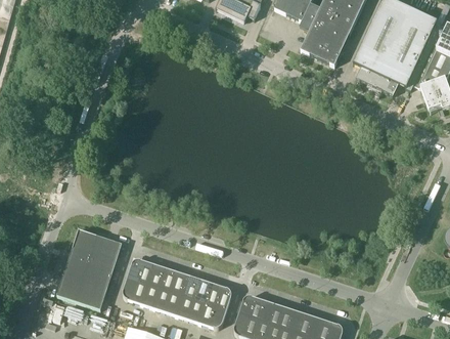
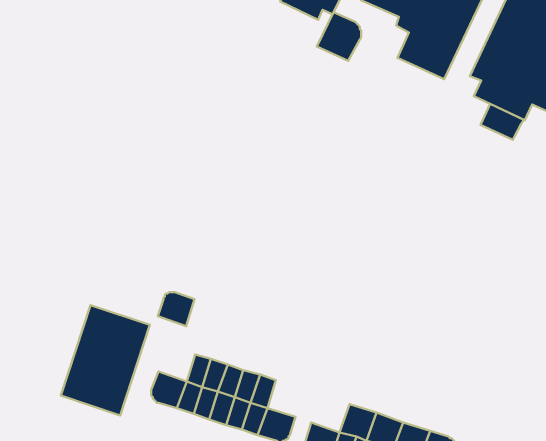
building: none -> [317,12,361,61]
building: none -> [480,104,524,140]
building: [128,259,154,284] -> [158,292,195,326]
building: [207,283,231,309] -> none
building: [238,295,266,321] -> none

